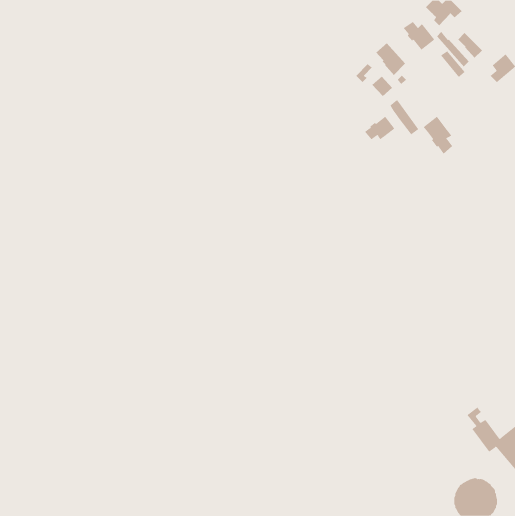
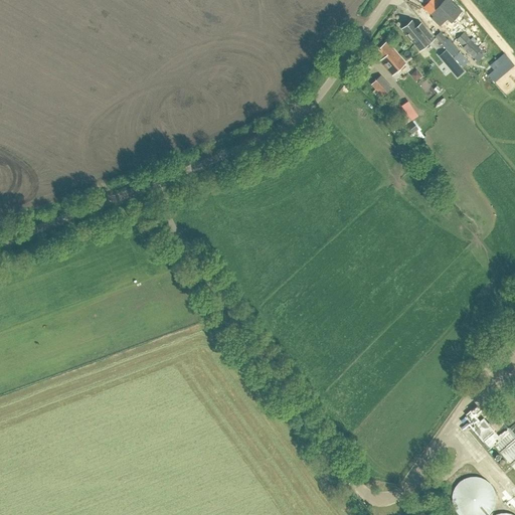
building: [423,116,453,154] -> none
building: [364,116,395,140] -> none

